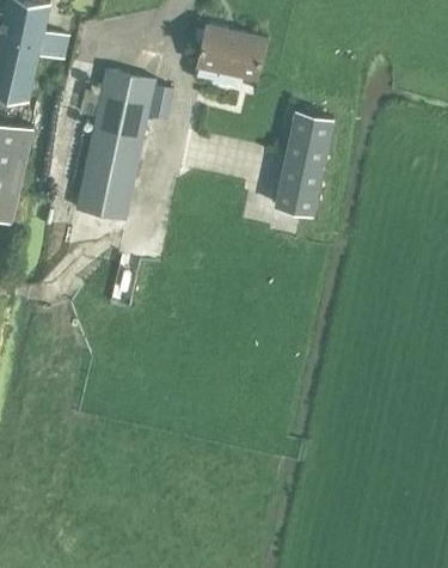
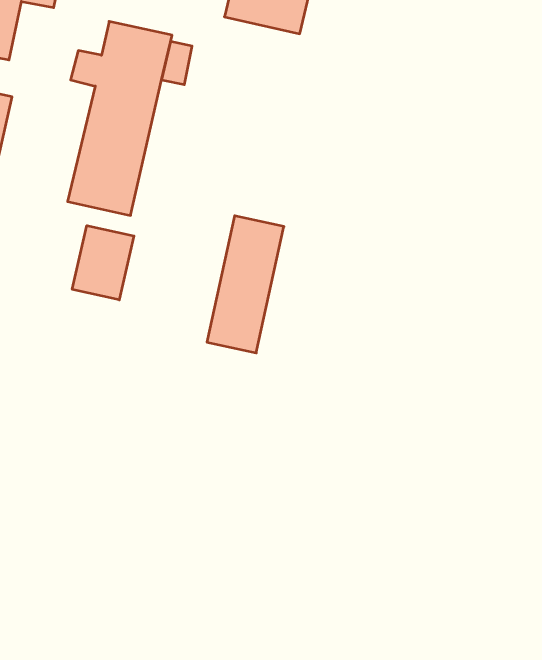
building: [272,111,332,218] -> [207,216,284,353]
building: none -> [72,226,134,300]

